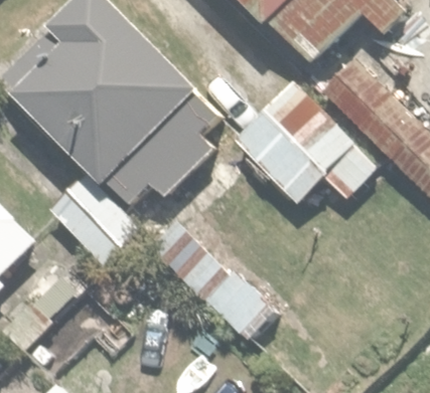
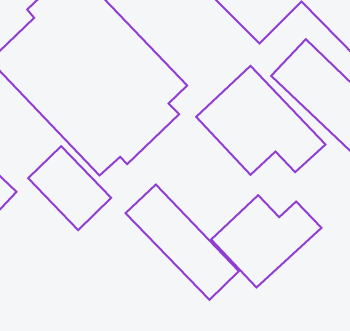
building: none -> [211,195,321,287]

